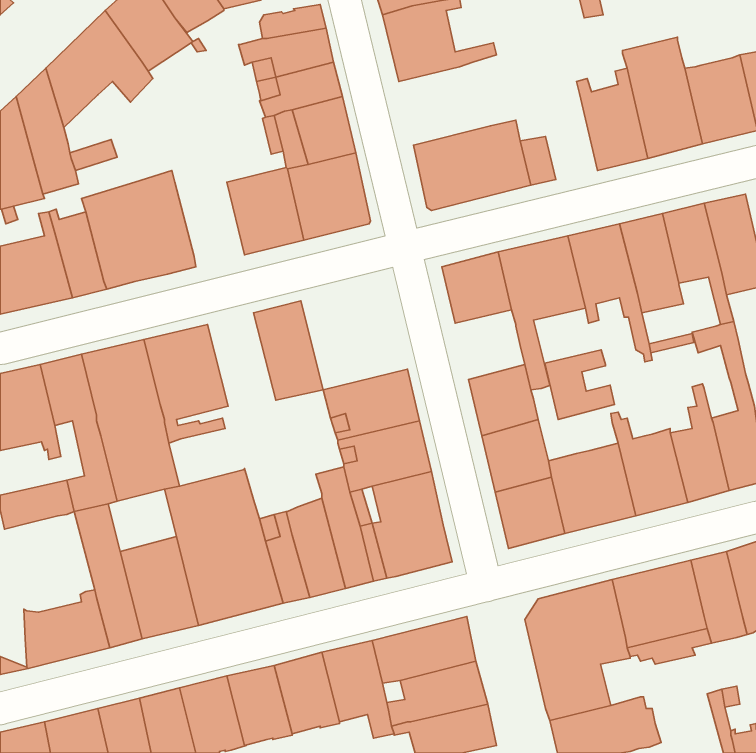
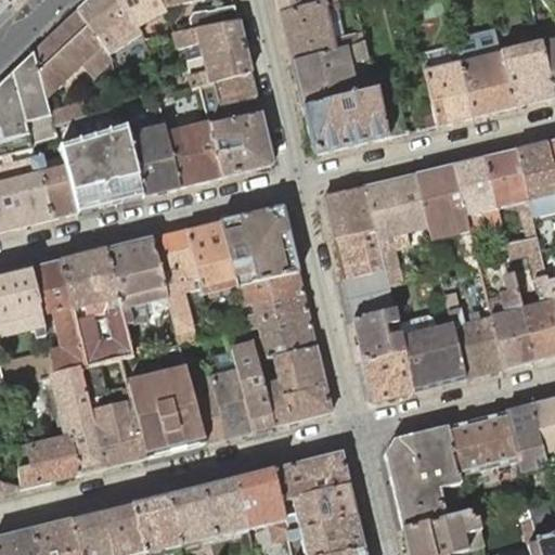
building: none -> [293,40,378,106]
building: none -> [129,125,180,195]
building: none -> [221,206,299,285]
building: none -> [153,229,201,344]
building: [545,350,614,419] -> [334,227,385,278]

